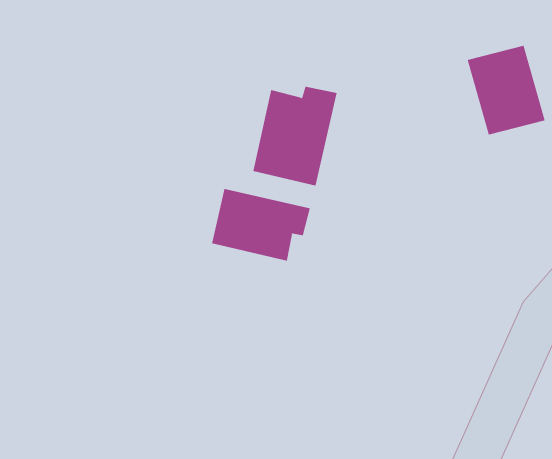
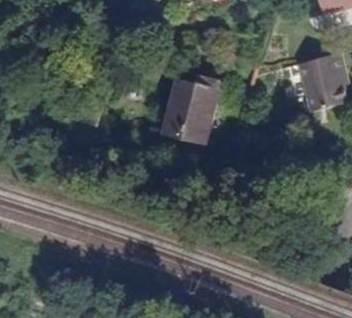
building: [212,188,311,262] -> none

